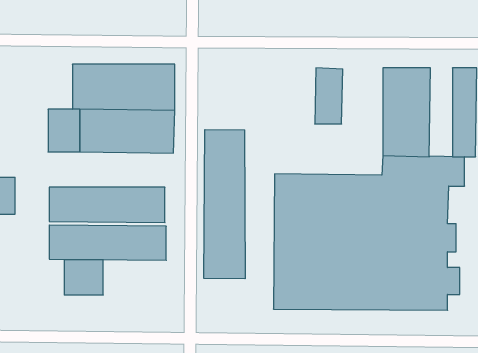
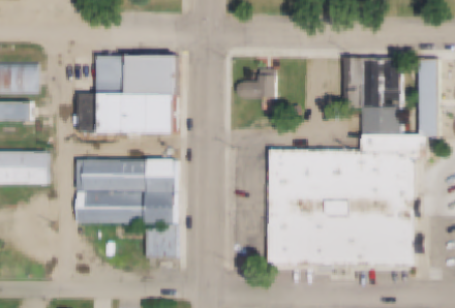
building: none -> [341,59,360,97]
building: none -> [233,68,276,98]
building: [204,130,245,279] -> none
building: [64,260,103,295] -> [143,225,176,255]

